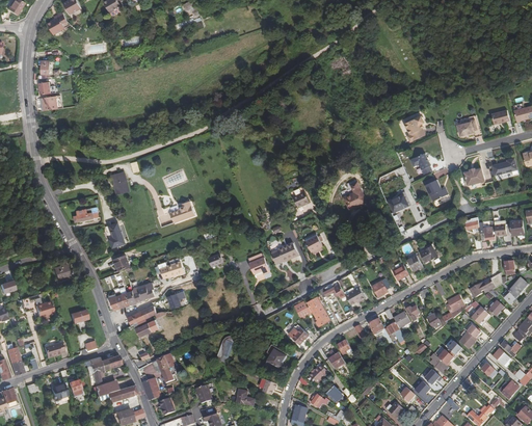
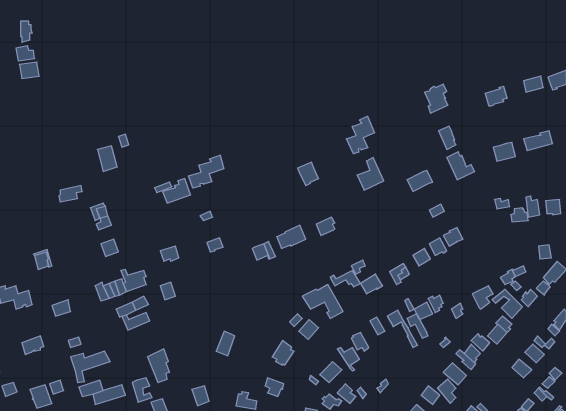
building: none -> [346,116,374,154]
building: none -> [189,155,224,188]

